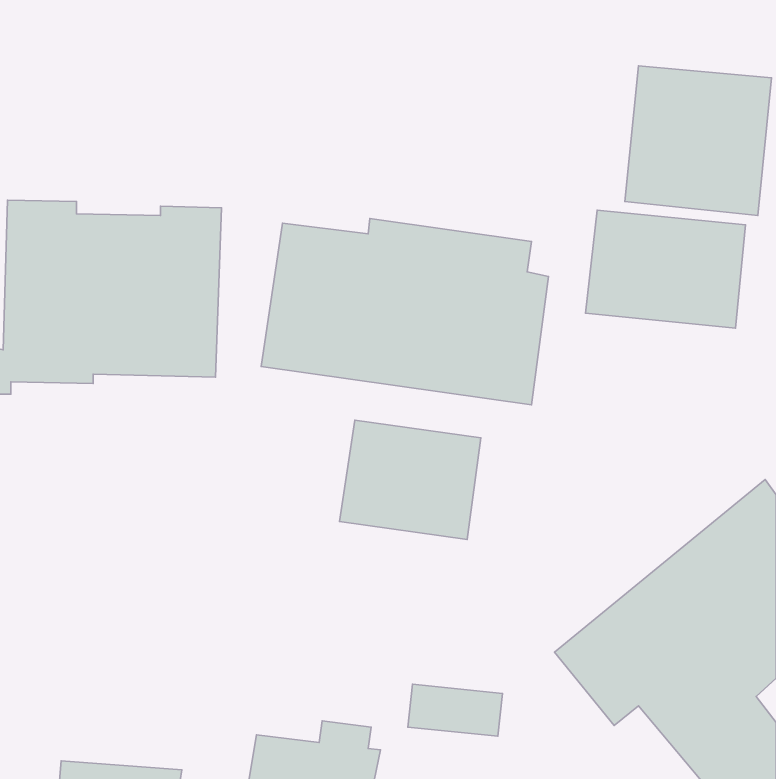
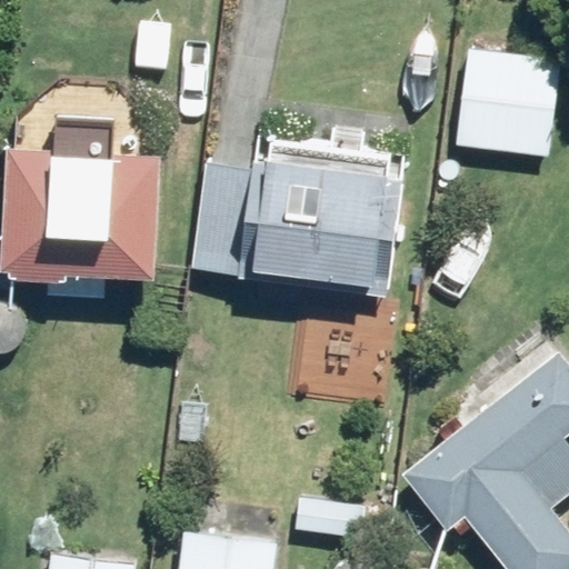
building: [586,210,745,328] -> none
building: [340,420,481,540] -> none

